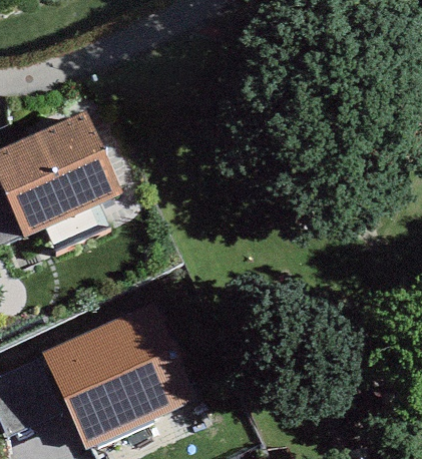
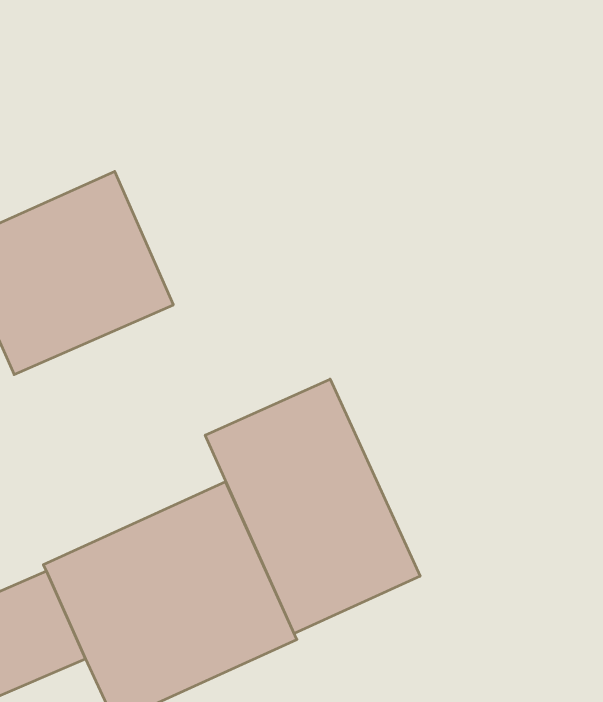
building: none -> [205,379,420,634]

